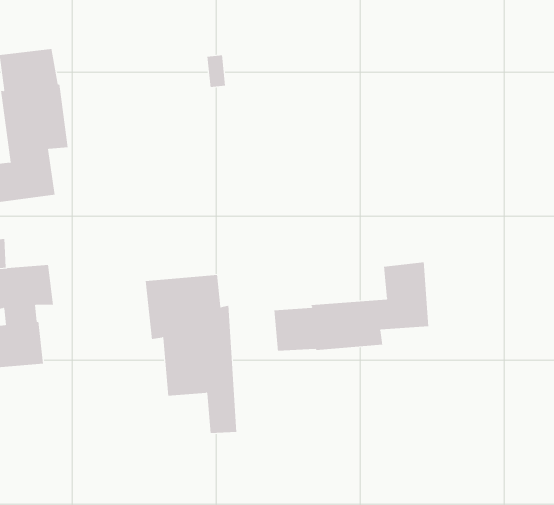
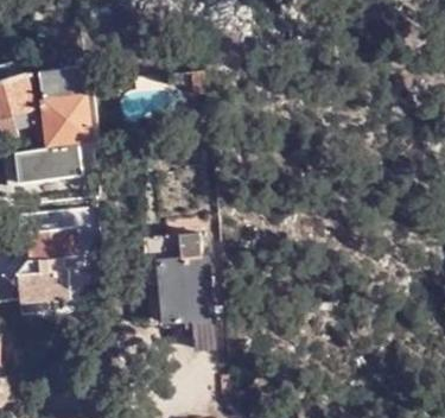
building: [274,261,429,351] -> none

